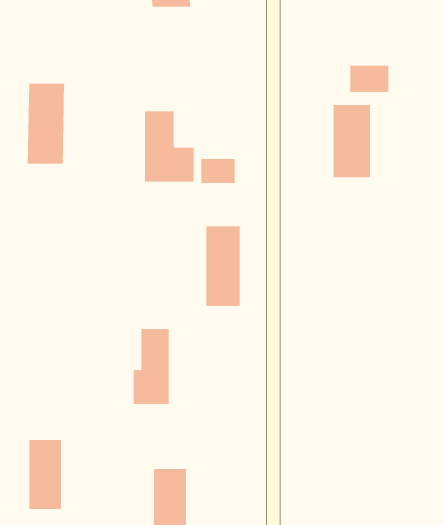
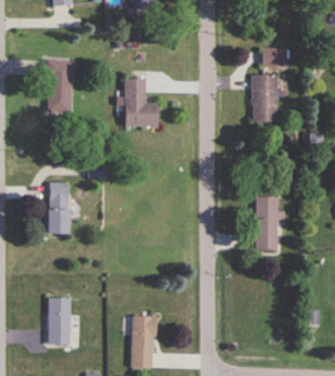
building: [201,158,235,184] -> none
building: [205,226,240,306] -> [256,197,279,250]
building: [133,328,169,405] -> [45,182,69,233]

